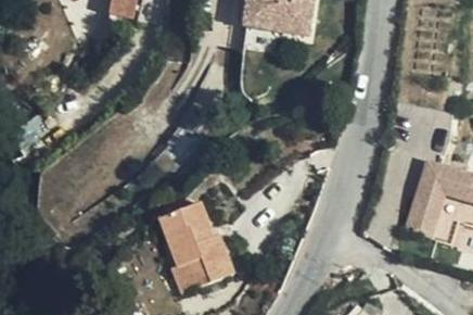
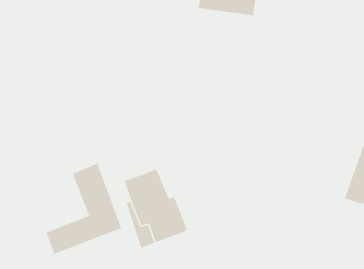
building: none -> [46,163,122,255]

